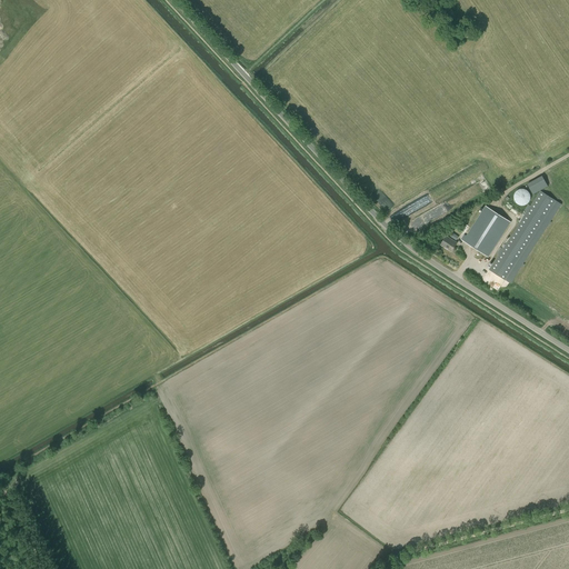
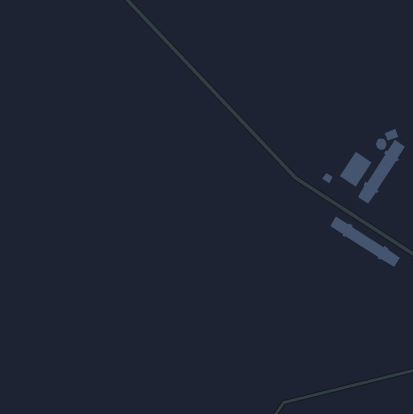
building: none -> [330,215,401,268]

